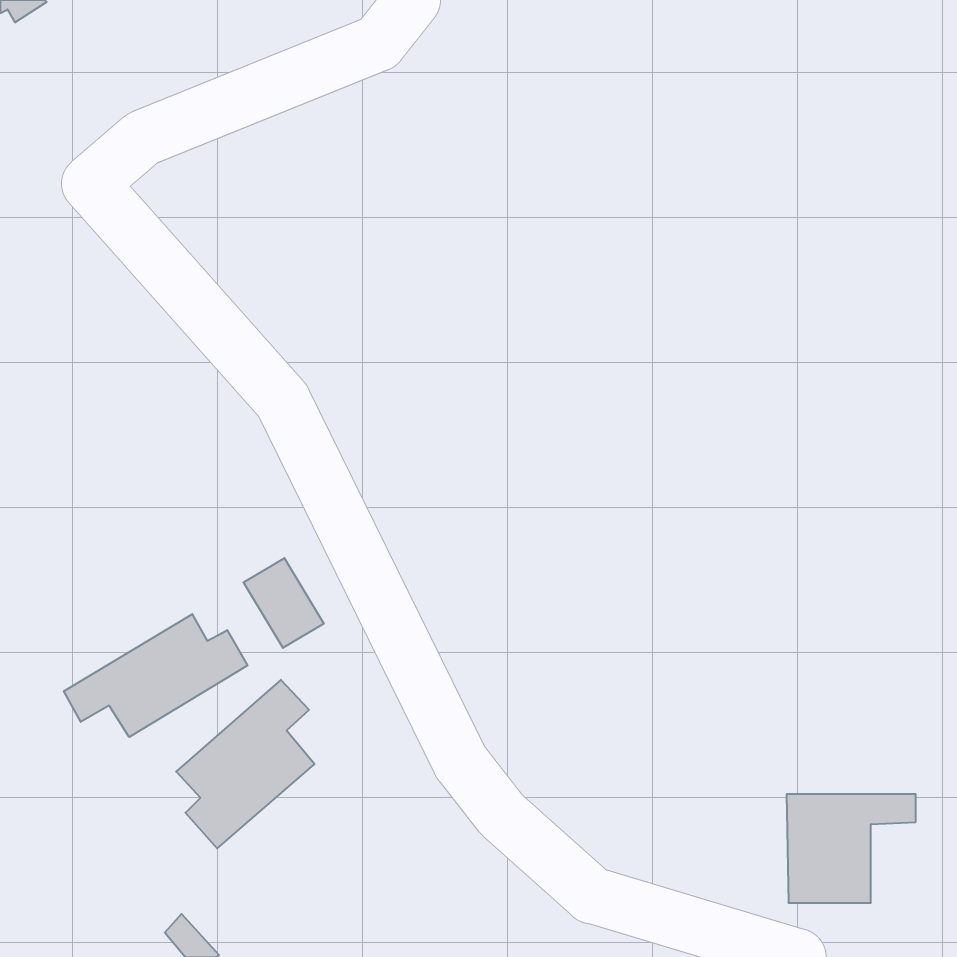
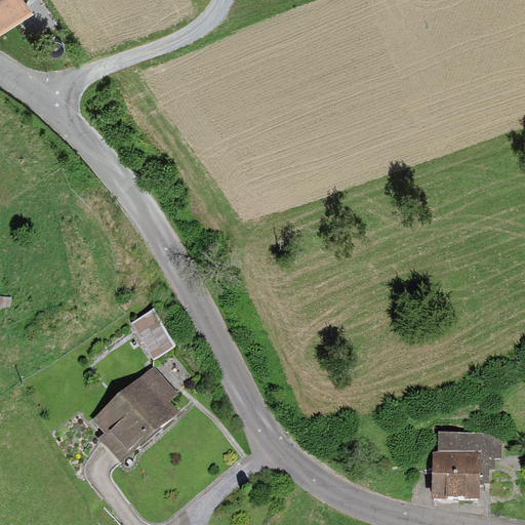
building: [64,614,248,737] -> none

